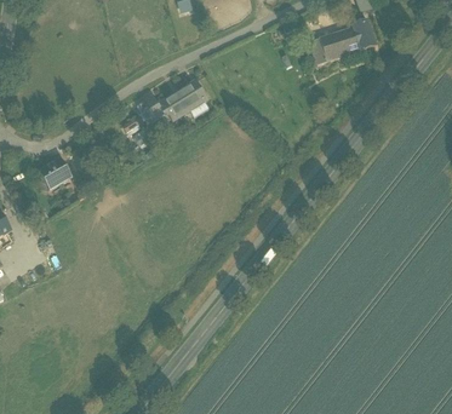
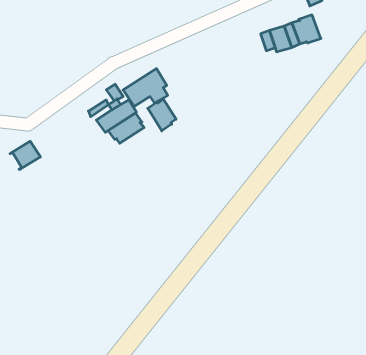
building: none -> [148,99,176,131]
building: none -> [108,113,144,143]

